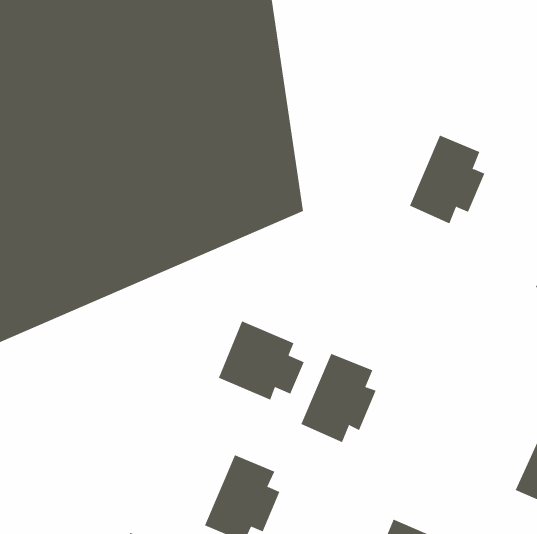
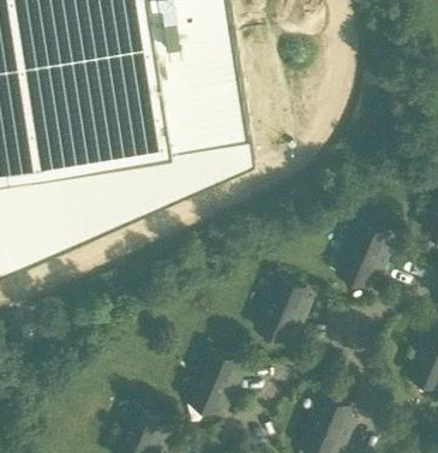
building: [409,135,485,224] -> [337,223,391,287]
building: [218,320,305,400] -> none

